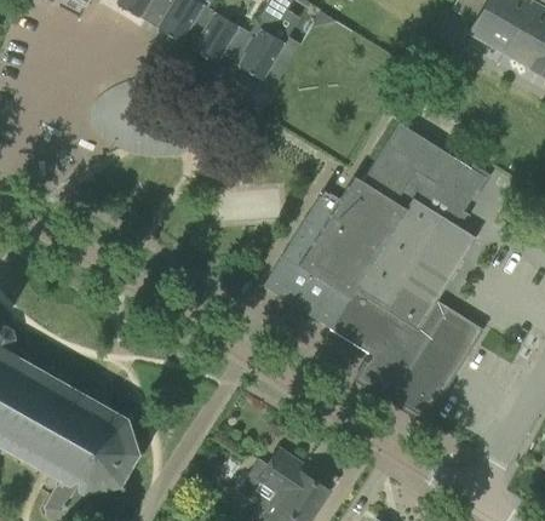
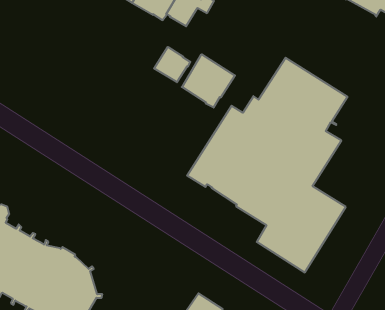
building: none -> [154,47,190,82]
building: none -> [182,54,235,108]

